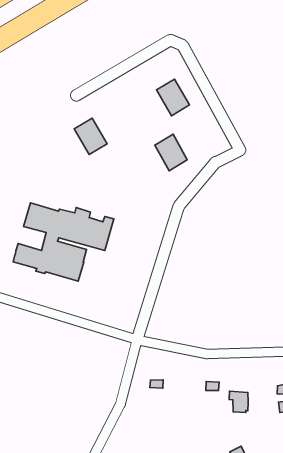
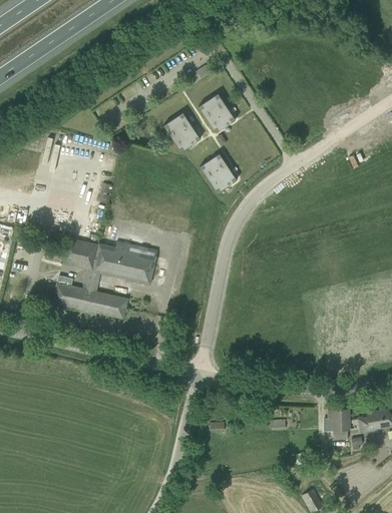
building: [74,118,107,155] -> [162,112,200,152]
building: [229,391,248,412] -> [328,410,349,432]

